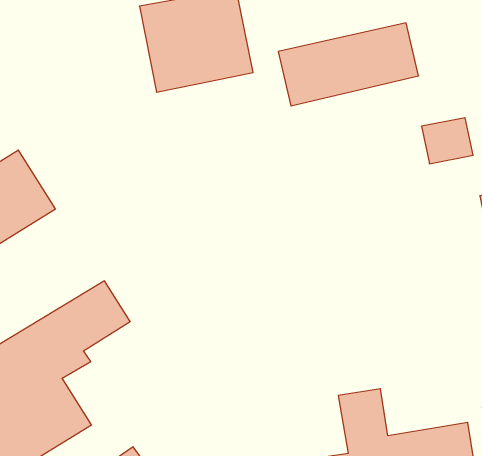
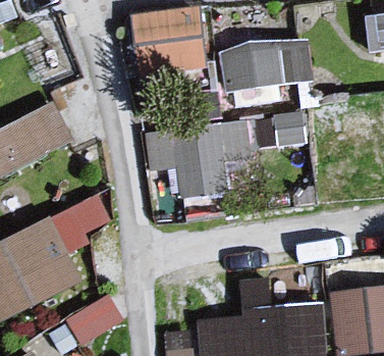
building: none -> [145,114,301,198]

